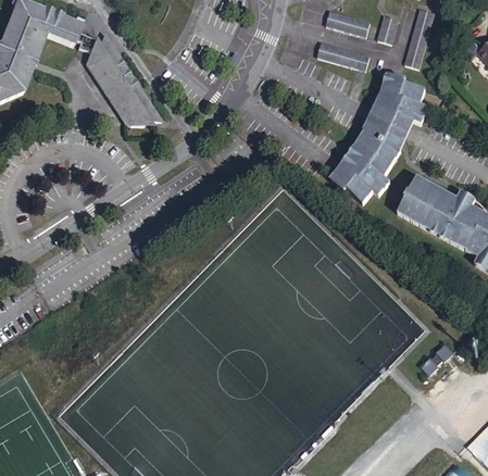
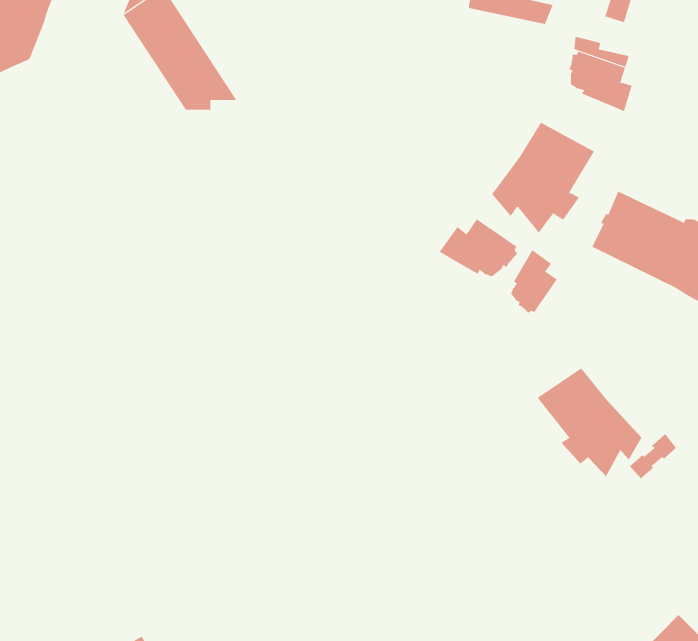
building: [361,97,411,151] -> none
building: none -> [439,219,518,277]
building: none -> [511,249,557,314]
building: none -> [537,368,642,477]

